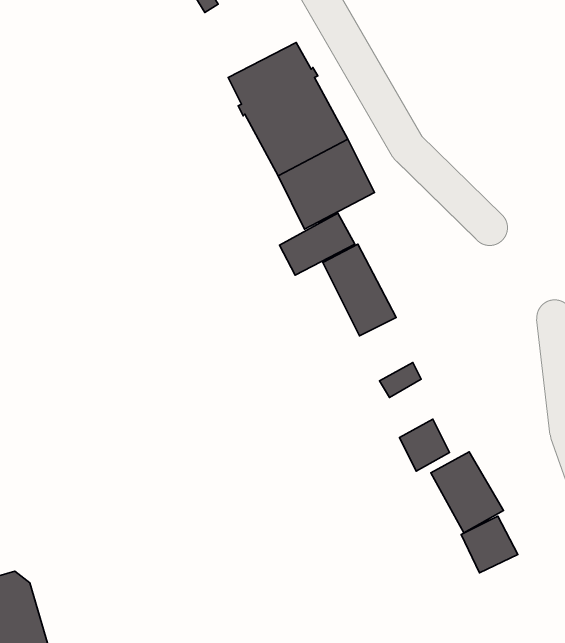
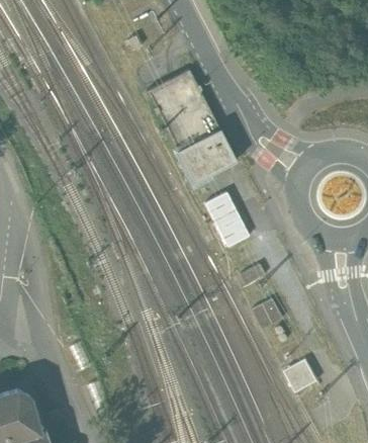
building: [280,213,355,275] -> none
building: [431,452,503,533] -> none

